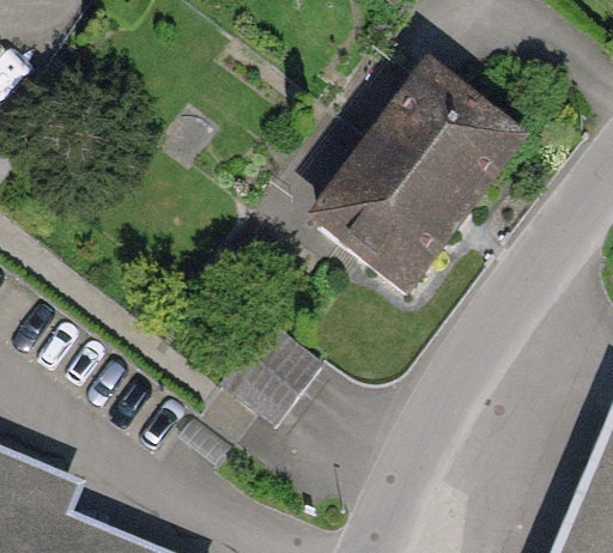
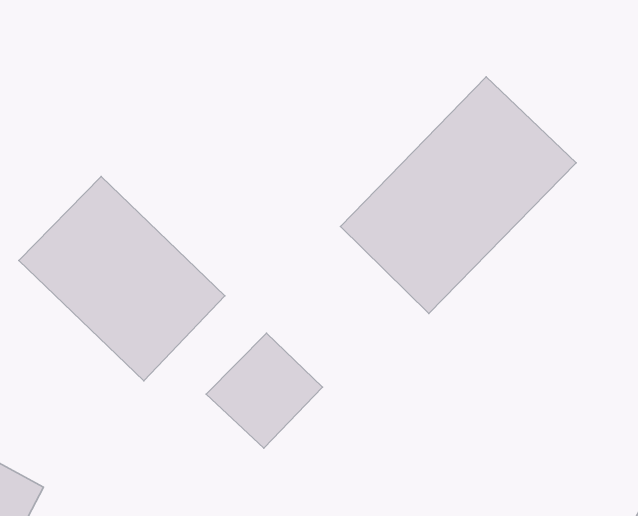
building: none -> [19,177,225,381]

